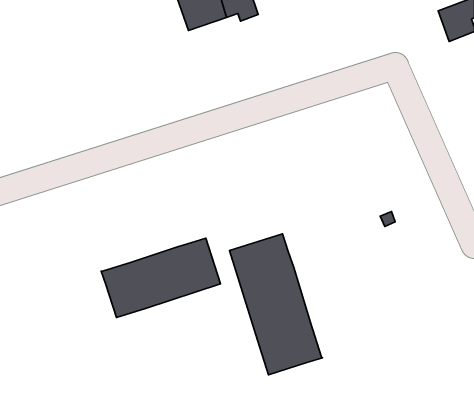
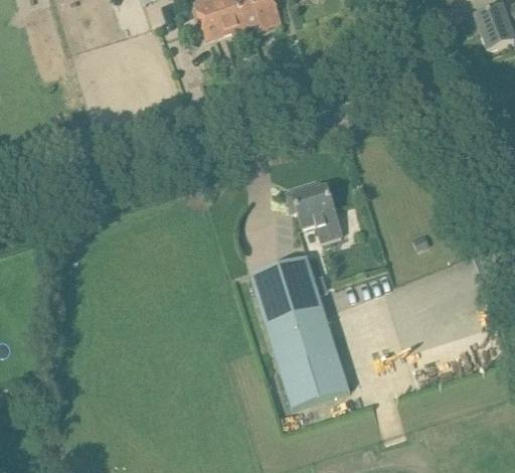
building: none -> [286,184,342,241]
building: [101,238,221,318] -> none

